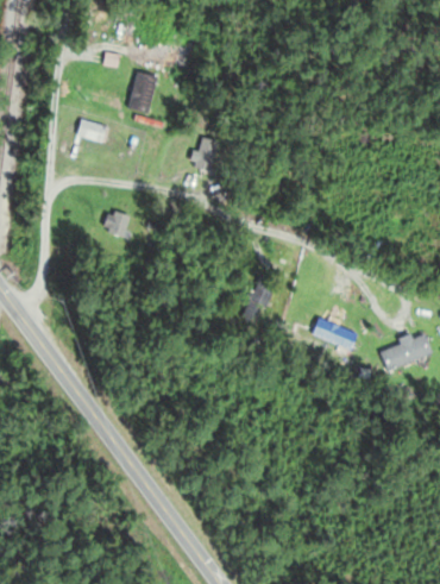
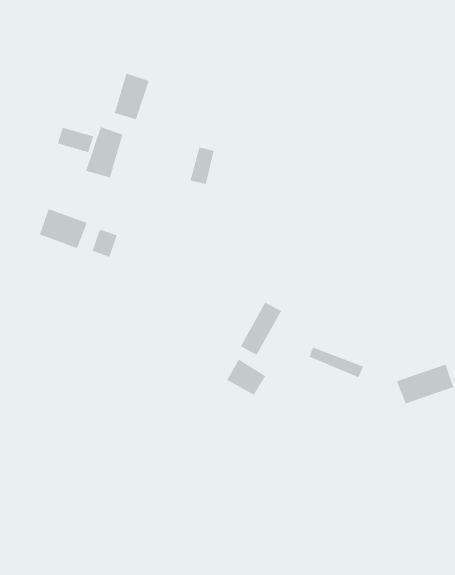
building: none -> [85,126,123,179]
building: none -> [39,208,88,249]
building: none -> [226,358,266,396]

